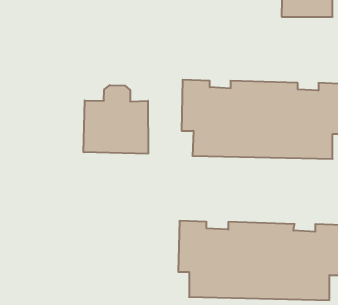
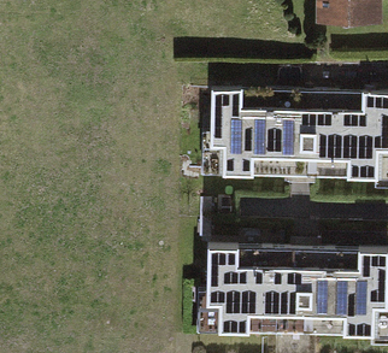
building: [84,85,148,154] -> none

